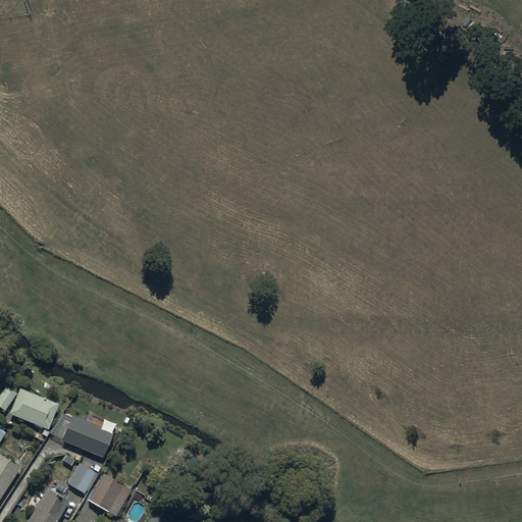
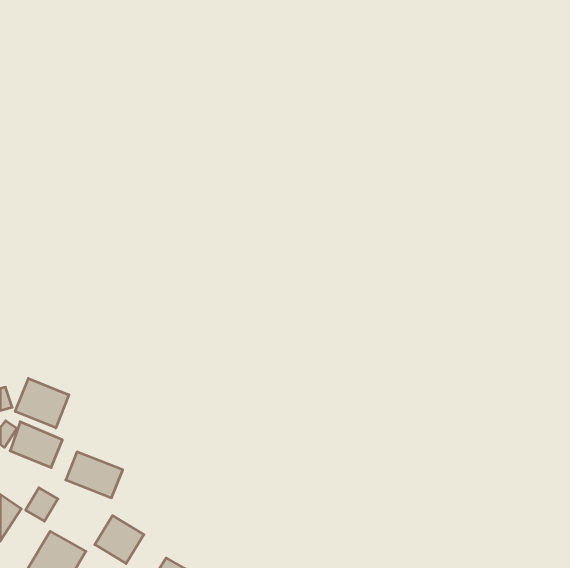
building: none -> [15,378,69,428]
building: [66,463,96,493] -> [26,488,58,521]

